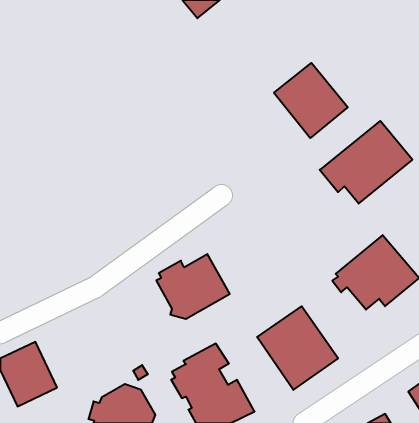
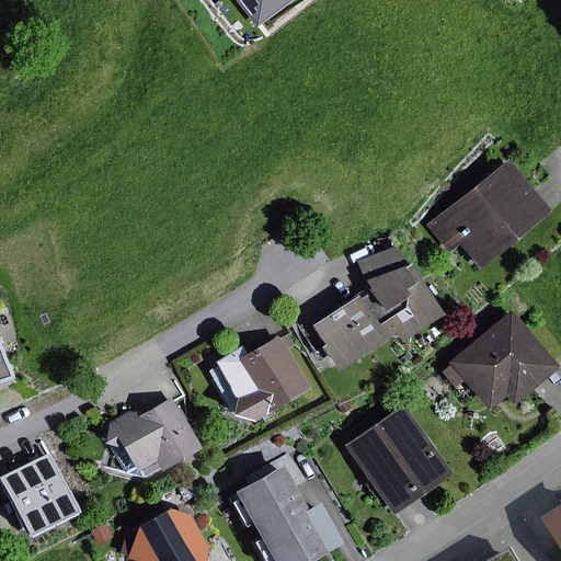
building: [274,63,348,138] -> none
building: none -> [312,247,442,373]
building: none -> [103,398,199,478]

